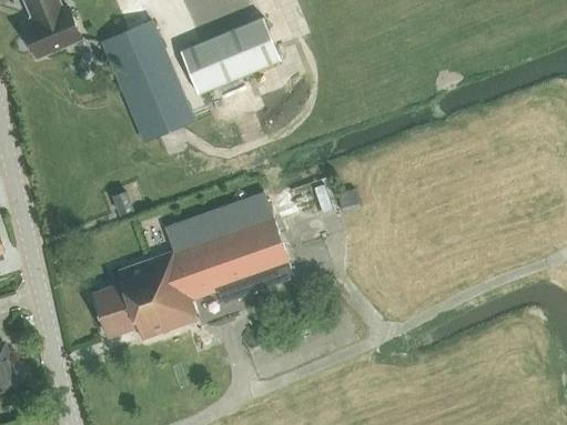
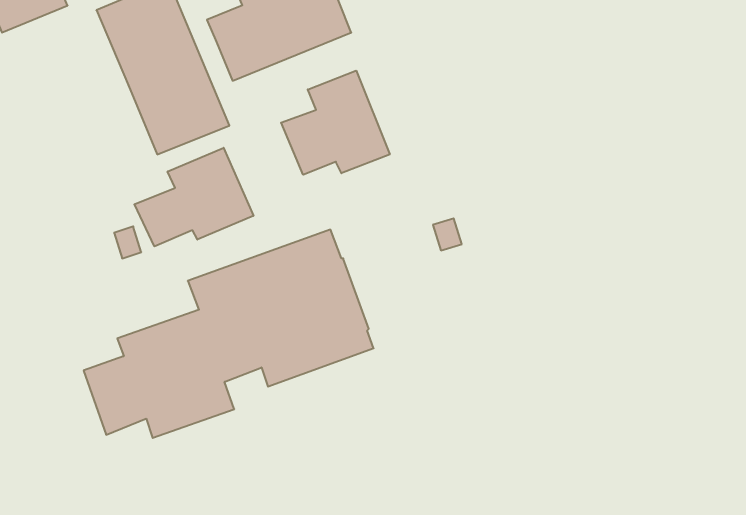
building: none -> [281,71,390,175]
building: none -> [134,148,253,246]

